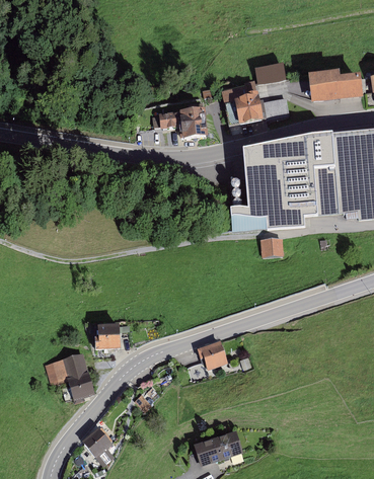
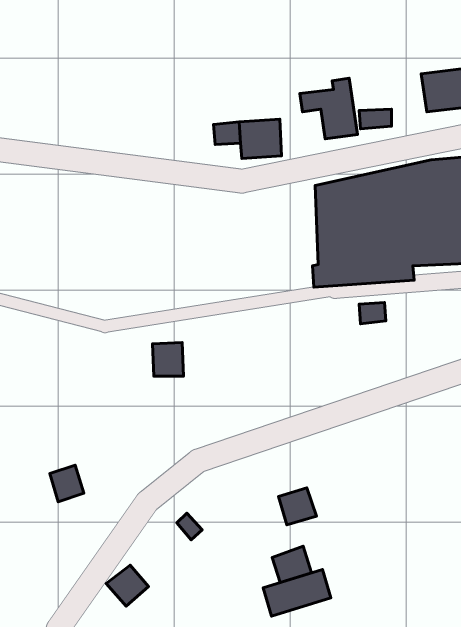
building: [254,63,287,82] -> none
building: [98,324,121,348] -> [152,342,183,376]
building: [202,340,229,367] -> [278,488,317,525]
building: [60,349,91,396] -> none
building: none -> [272,546,312,583]

